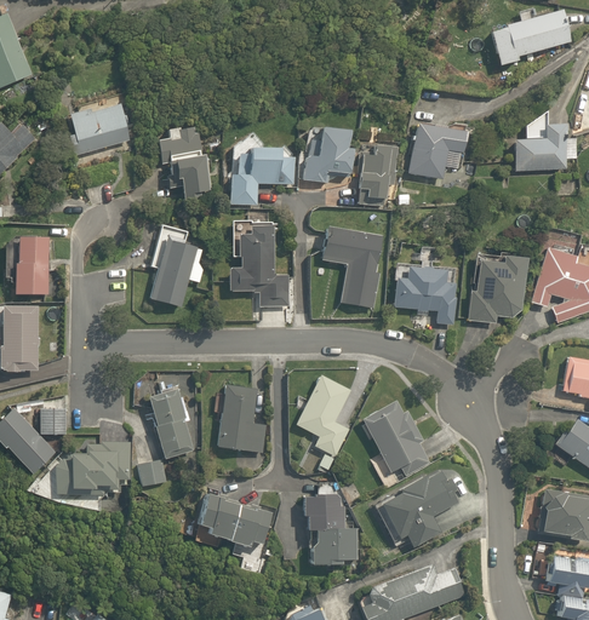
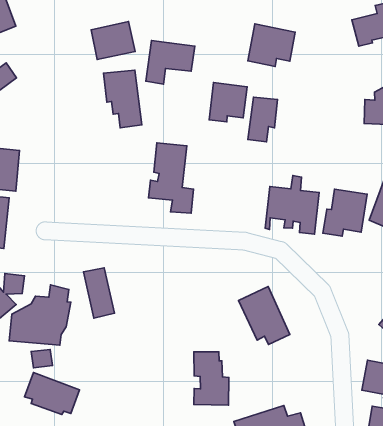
building: [68,103,130,157] -> [91,22,135,60]
building: [406,122,468,178] -> [248,24,295,66]
building: [231,148,294,206] -> [146,41,195,84]
building: [133,222,205,308] -> none
building: [321,226,381,309] -> none
building: [296,374,351,469] -> none
building: [218,385,267,452] -> none
building: [138,459,168,486] -> [31,349,53,368]
building: [379,471,459,549] -> none
building: [198,493,271,547] -> [25,372,79,415]

